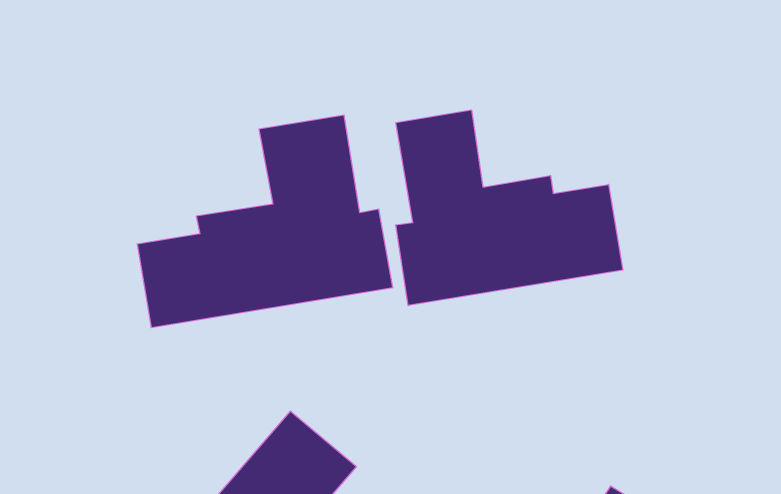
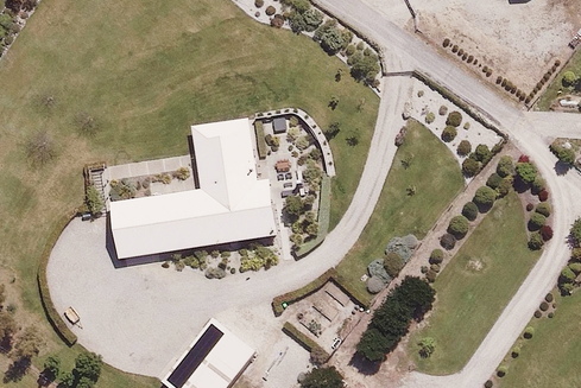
building: [396,110,623,306] -> none

